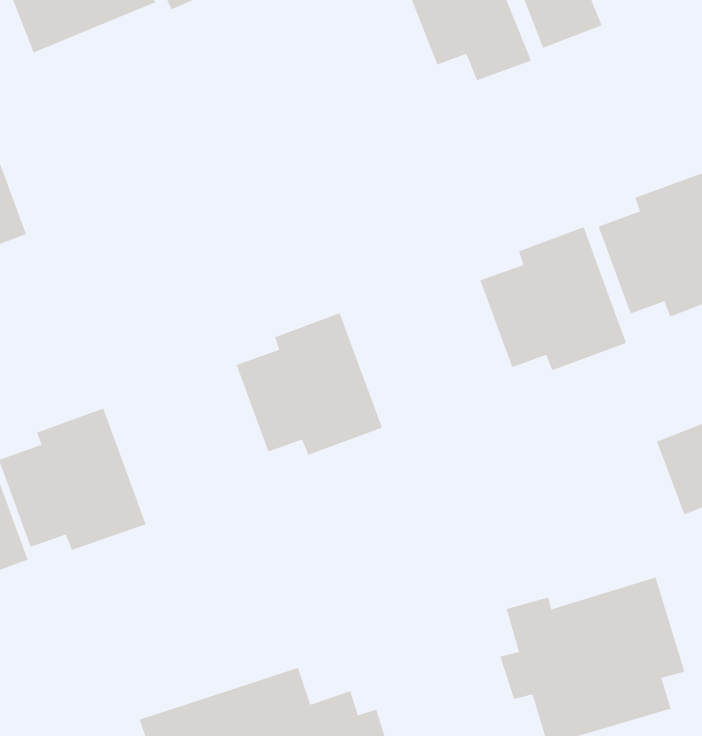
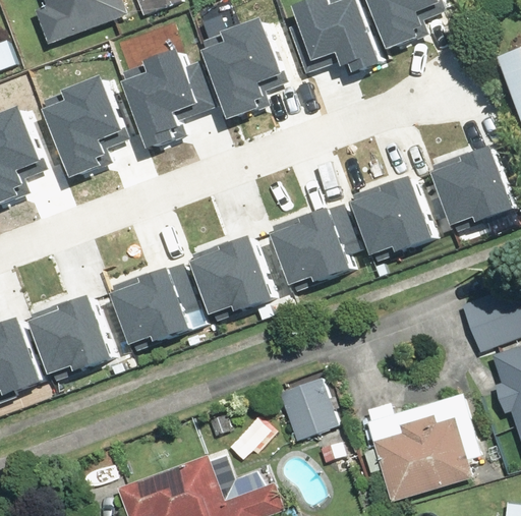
building: none -> [202,18,283,112]
building: none -> [125,47,205,140]
building: none -> [43,76,122,170]
building: none -> [266,191,363,286]
building: none -> [103,253,200,349]
building: none -> [276,379,335,442]

